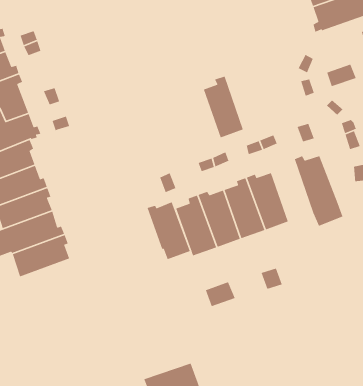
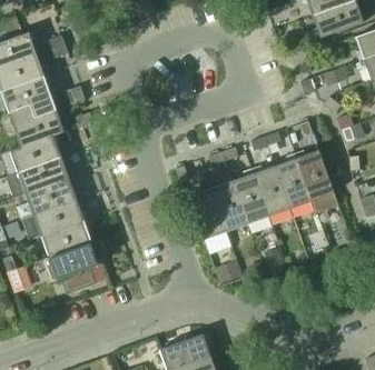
building: [203,76,244,139] -> [275,151,312,208]
building: [147,201,191,260] -> none
building: none -> [48,241,103,292]

